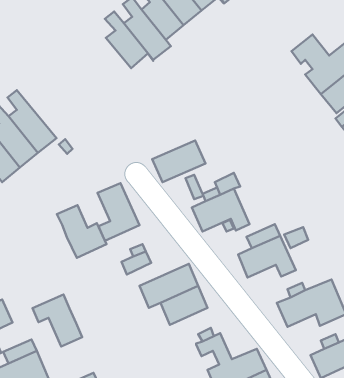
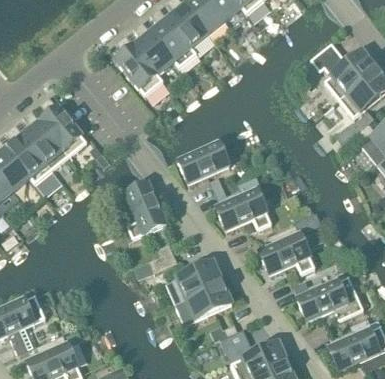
building: none -> [116,33,163,94]
building: [57,205,106,258] -> none
building: [32,294,82,347] -> none

